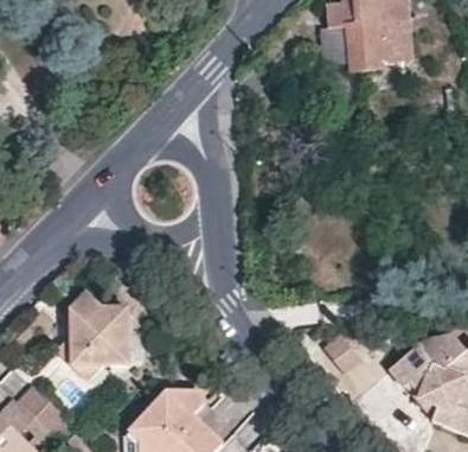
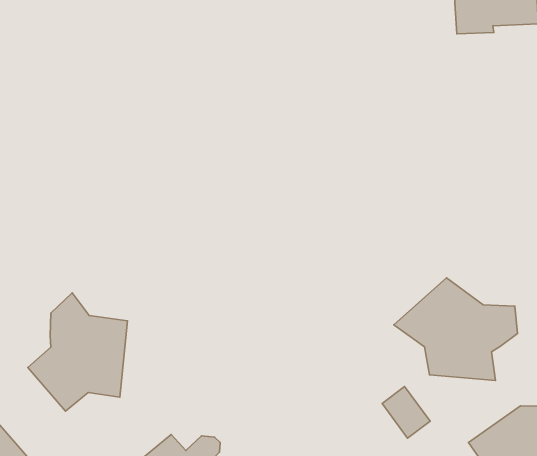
building: none -> [394,278,517,381]

